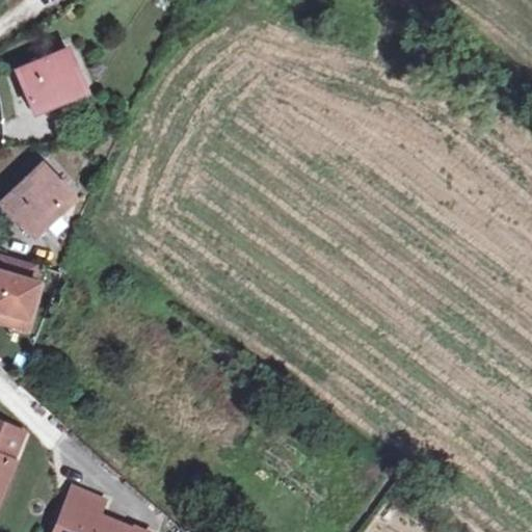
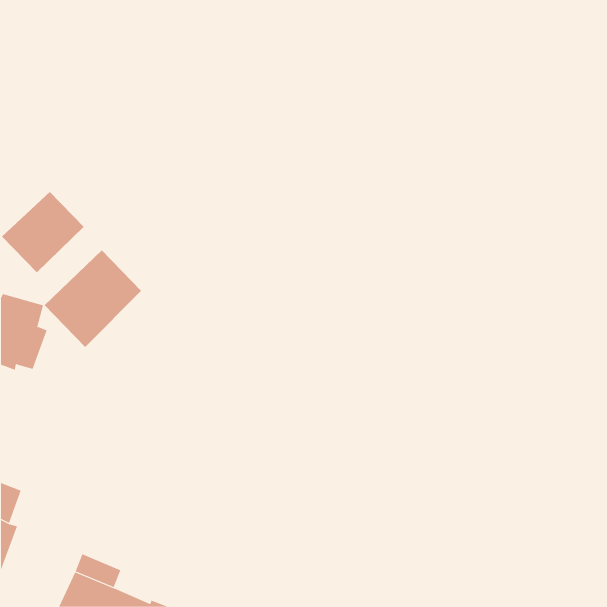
building: [16,51,86,114] -> none
building: none -> [44,250,142,348]

